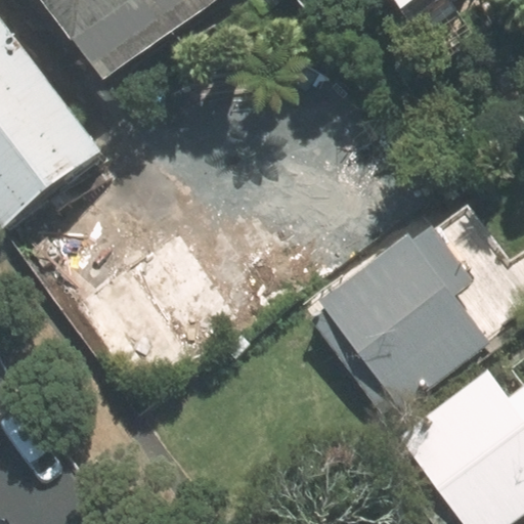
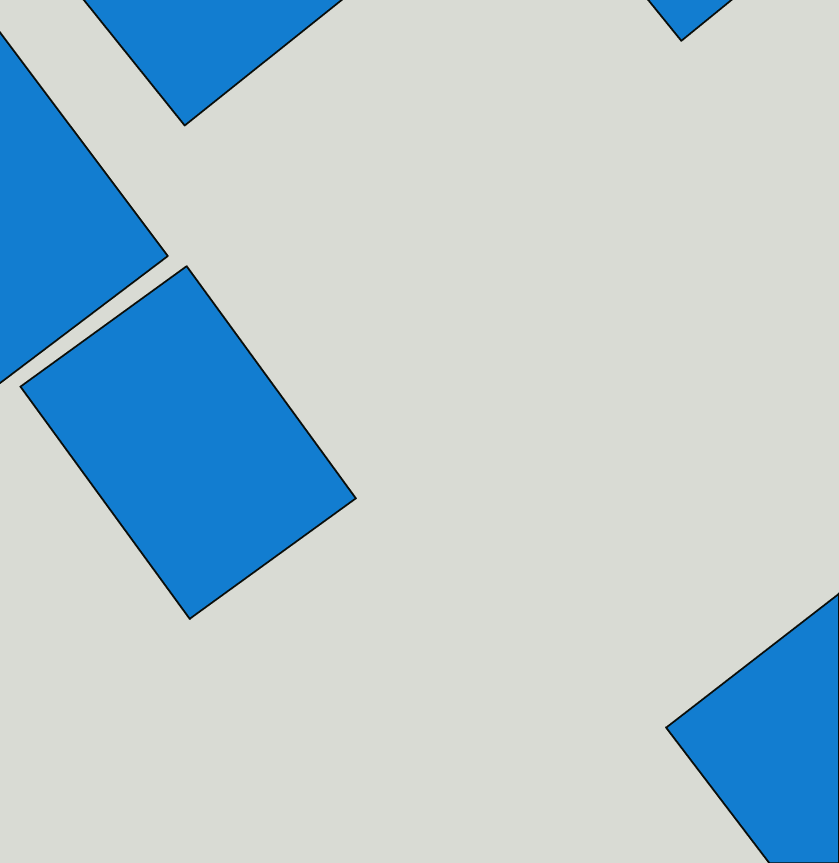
building: [321,210,494,410] -> none

